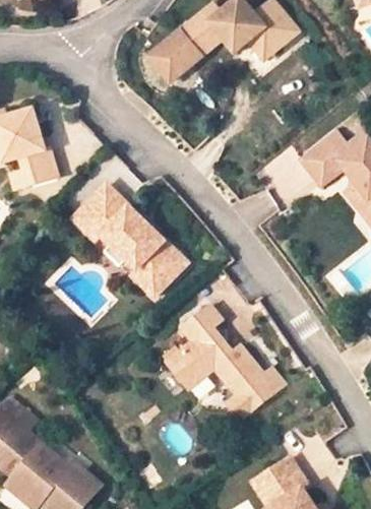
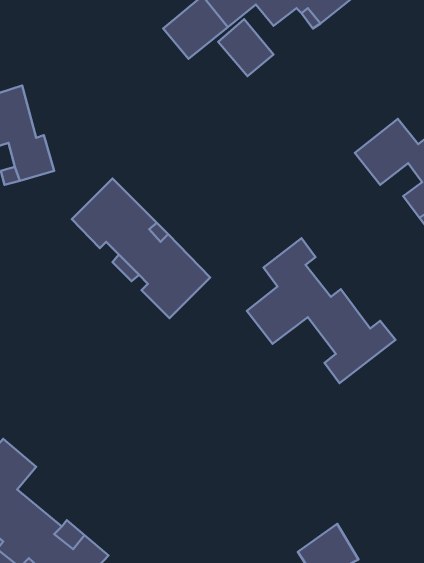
building: none -> [218,19,273,76]
building: [168,302,287,418] -> [247,238,395,383]

